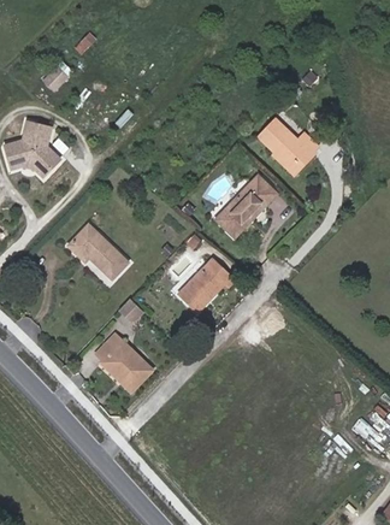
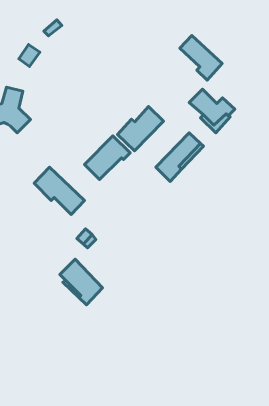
building: none -> [180,36,222,80]
building: none -> [118,107,164,151]
building: [177,258,235,313] -> [84,136,130,180]

